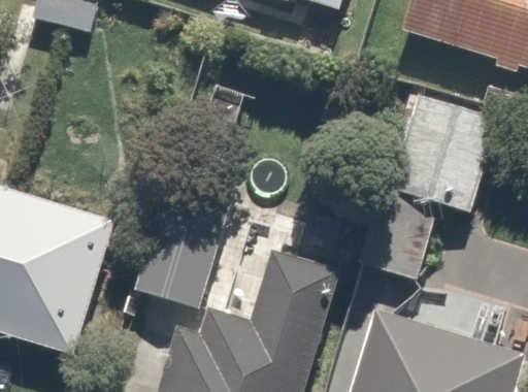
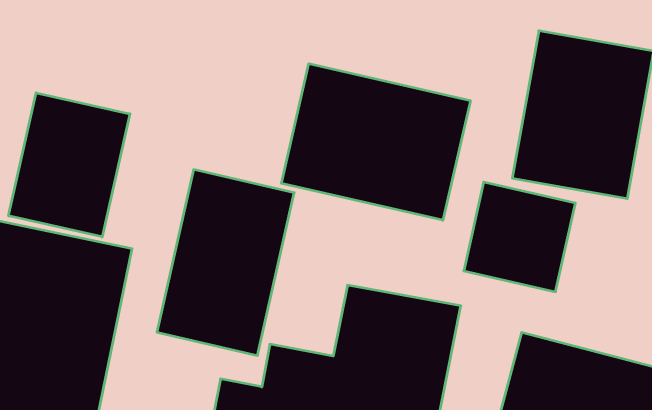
building: none -> [281,64,470,220]
building: none -> [9,93,130,237]

